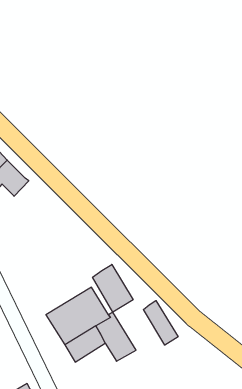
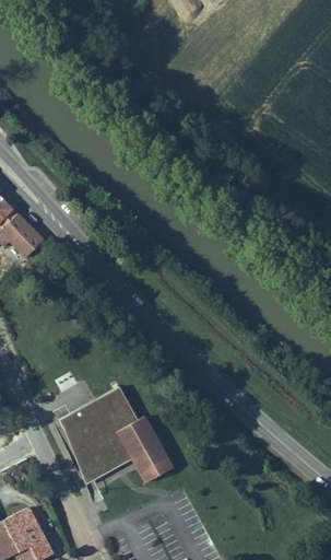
building: [93,264,133,312] -> none
building: [143,301,178,345] -> none

